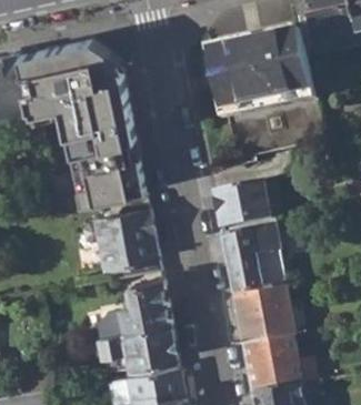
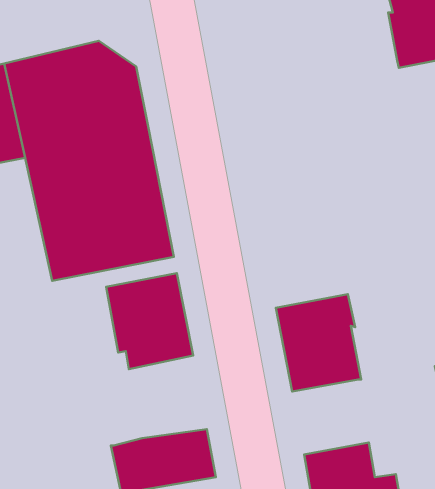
building: [190,34,298,117] -> none
building: [213,179,270,225] -> none
building: [99,276,171,334] -> none
building: [234,285,291,341] -> none

